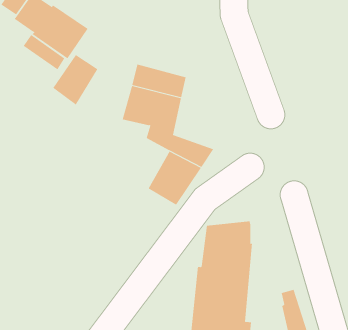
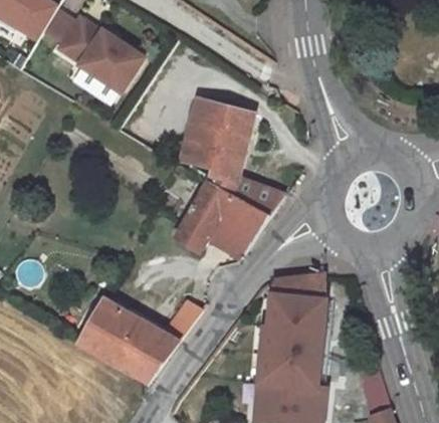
building: [52,54,98,106] -> none
building: none -> [175,181,233,251]
building: none -> [79,298,201,382]

